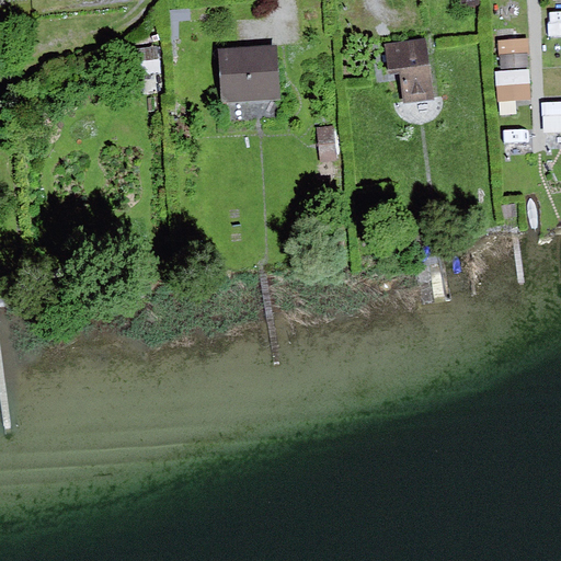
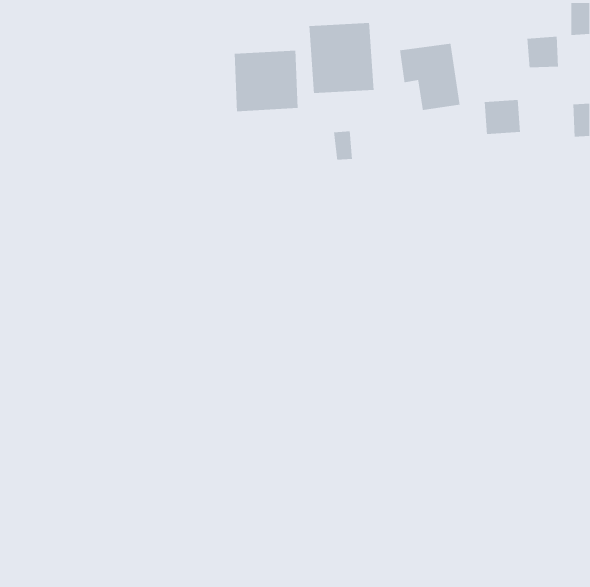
building: none -> [308,22,375,94]
building: [496,66,531,100] -> [484,99,521,135]

